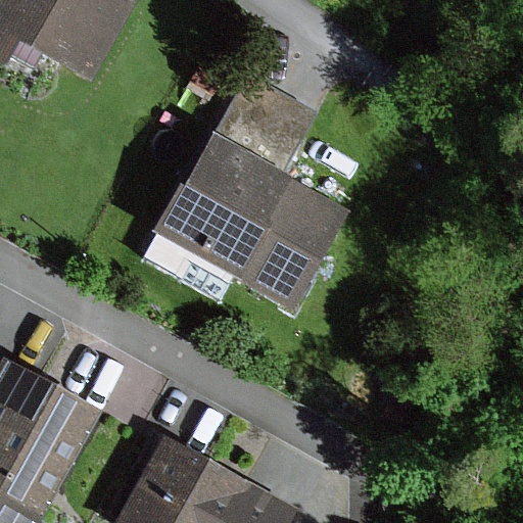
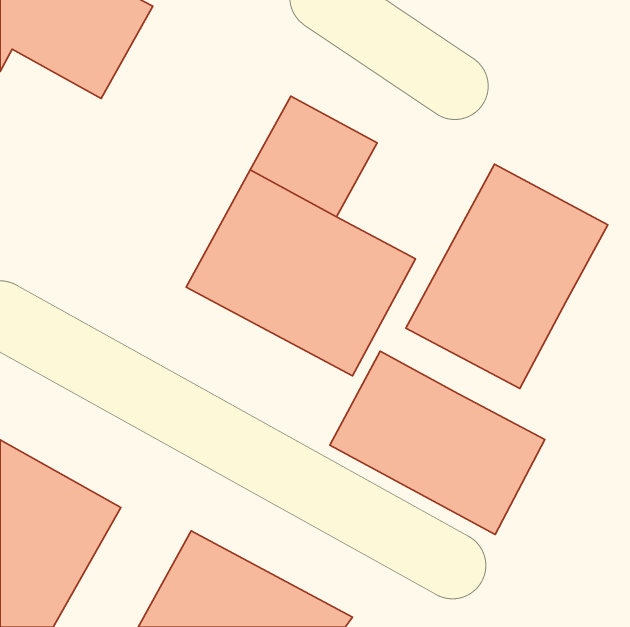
building: none -> [406,164,608,388]
building: none -> [330,351,545,534]

